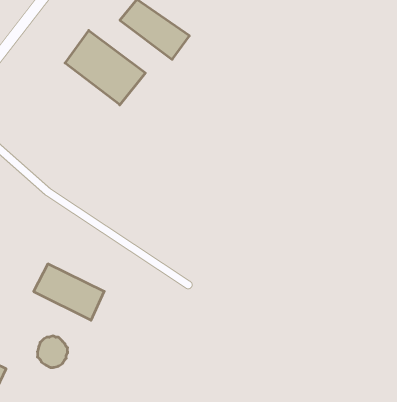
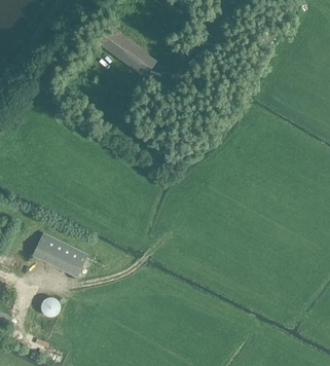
building: [65,30,145,105] -> none

